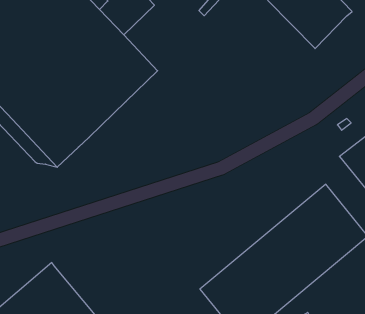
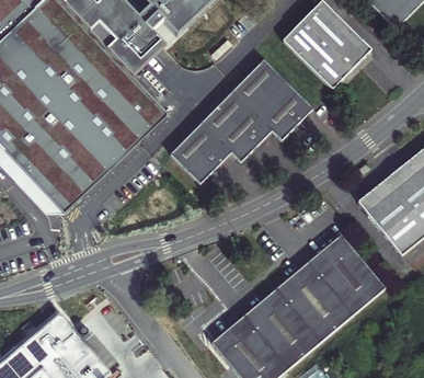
building: none -> [170,58,311,180]

